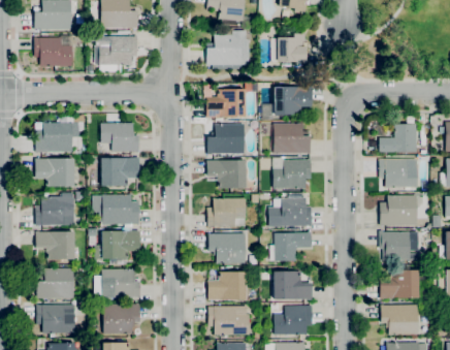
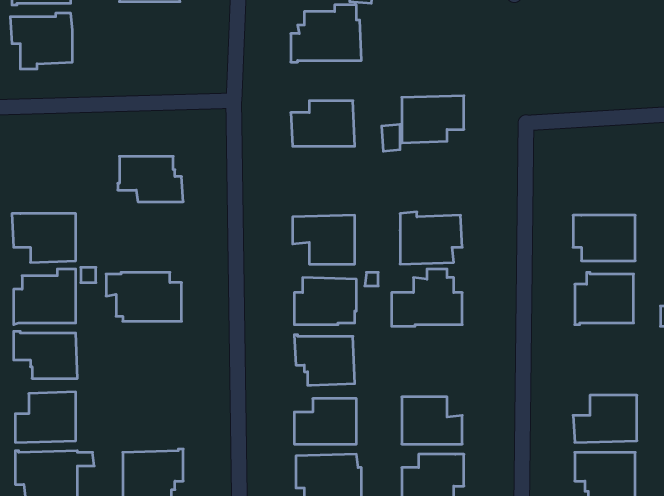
building: [278,33,309,61] -> none
building: [96,35,137,71] -> none
building: [36,115,86,155] -> none
building: [264,122,311,154] -> none
building: [207,123,245,154] -> none
building: [379,123,418,152] -> none
building: [96,157,140,186] -> none
building: [95,230,140,260] -> none
building: [380,230,410,261] -> none
building: [270,231,312,261] -> none
building: [95,268,140,298] -> none

